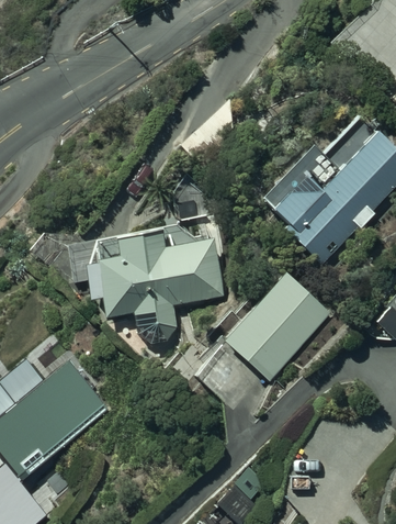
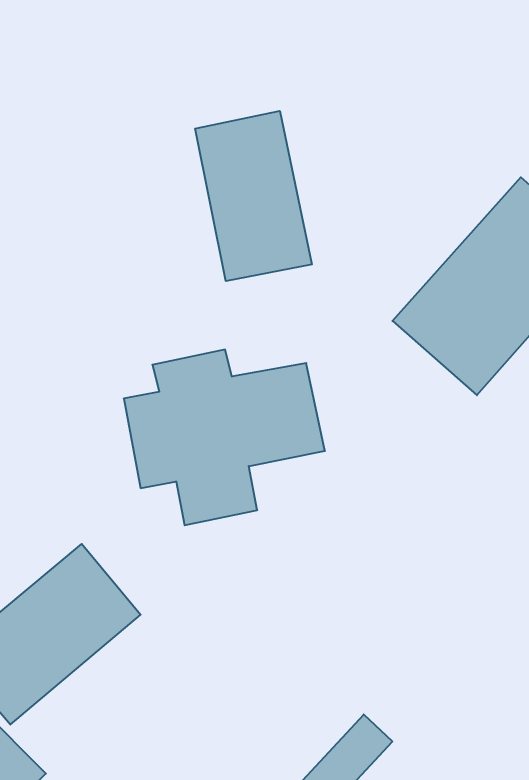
building: none -> [195,111,312,281]
building: [226,274,330,380] -> none

